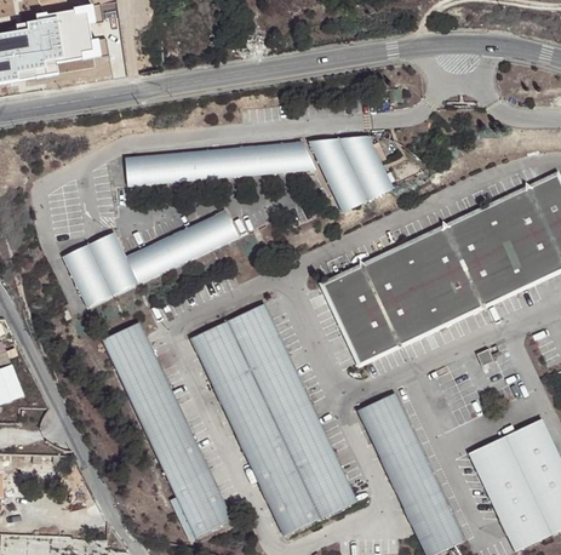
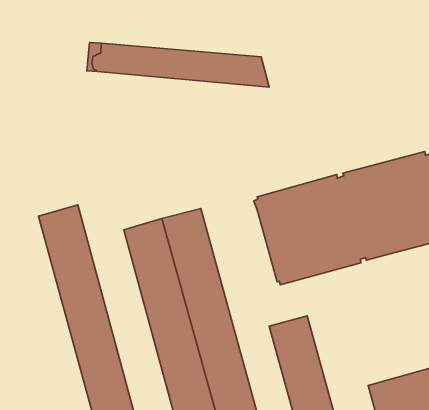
building: [305,135,390,212] -> none
building: [63,210,240,307] -> none

